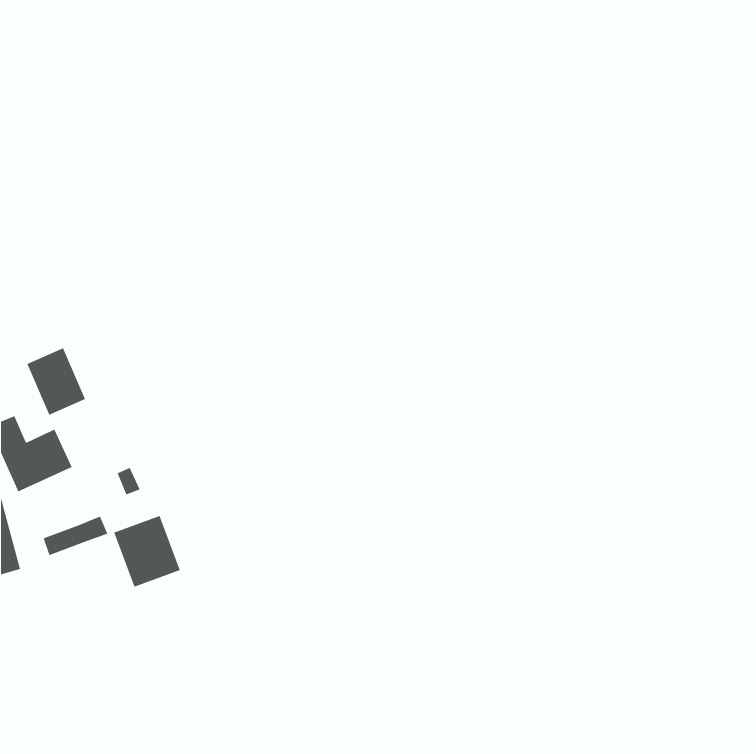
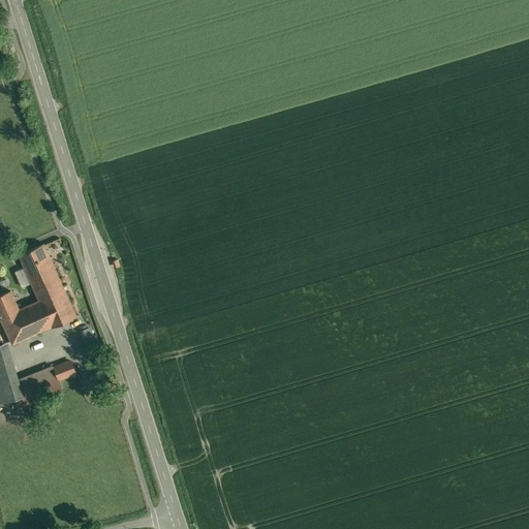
building: none -> [34,280,76,329]
building: [113,515,181,587] -> none

